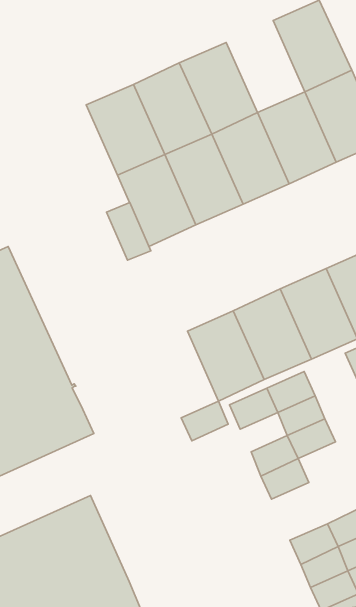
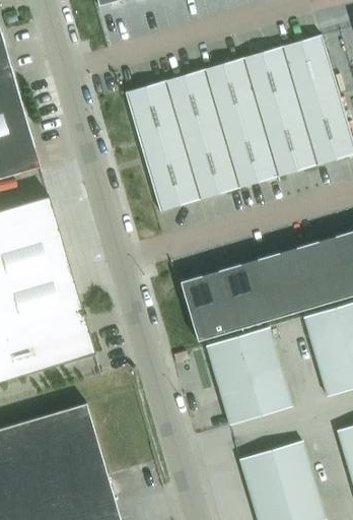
building: none -> [242,46,299,117]
building: [106,203,151,260] -> none
building: [181,401,228,441] -> [212,356,249,385]
building: none -> [255,386,292,415]

